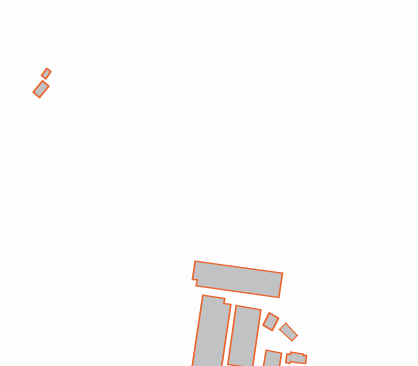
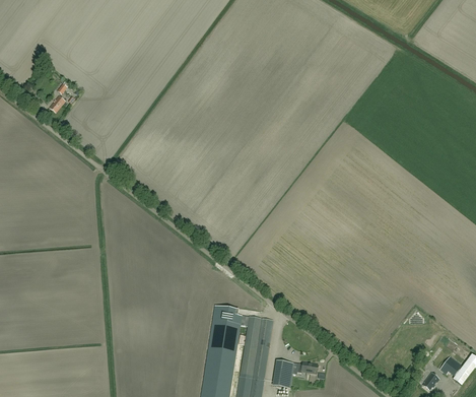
building: [193,261,282,298] -> none

